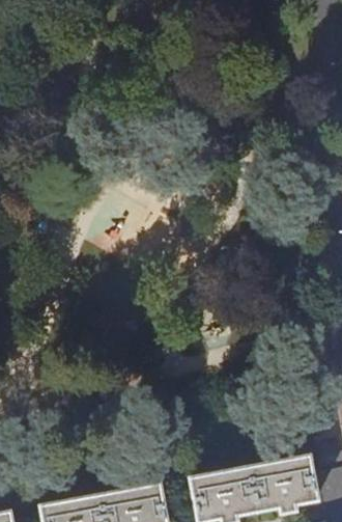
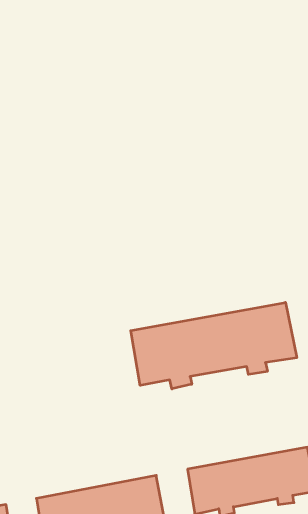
building: none -> [131,302,297,389]

